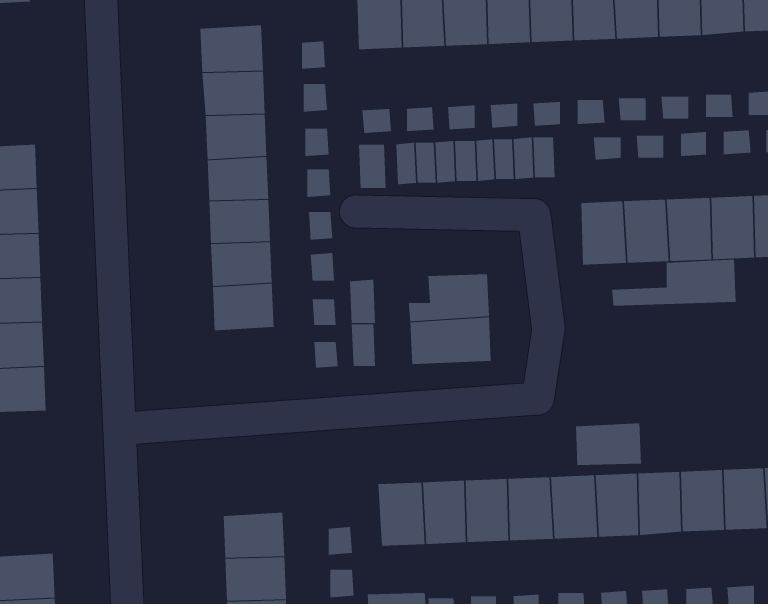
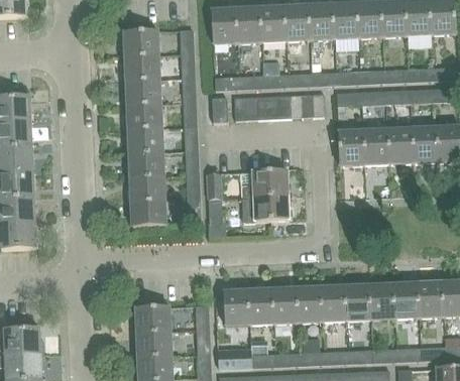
building: [612,259,736,307] -> none
building: none -> [130,201,165,227]
building: [575,422,642,466] -> none

